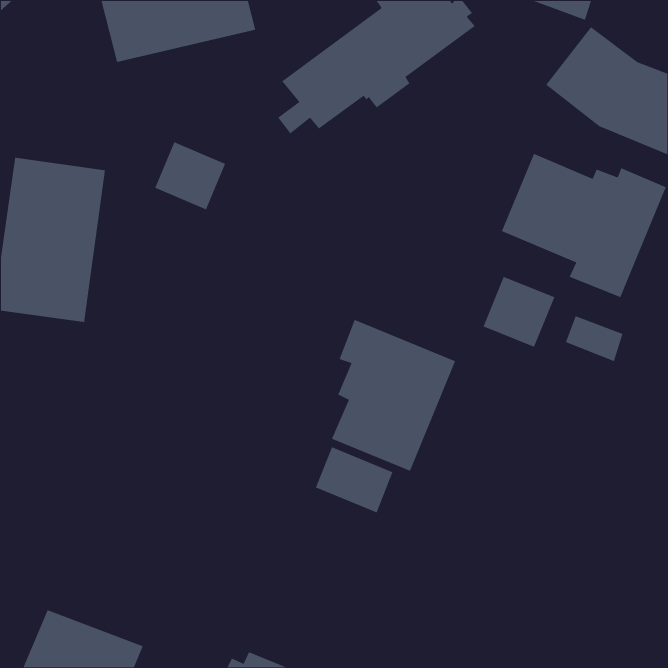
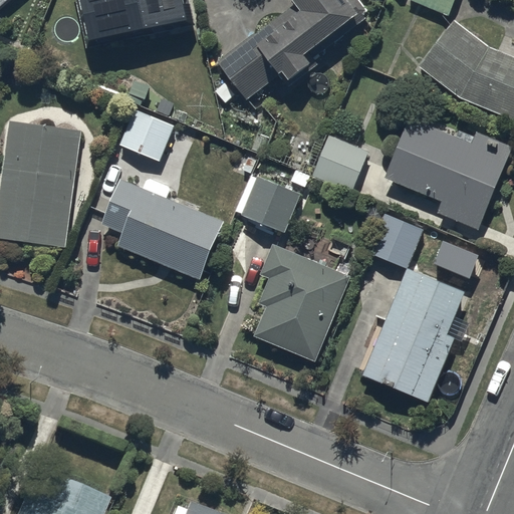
building: none -> [312,135,368,191]
building: none -> [100,177,223,280]
building: none -> [241,177,300,233]
building: none -> [363,268,466,402]
building: [315,446,394,513] -> none

